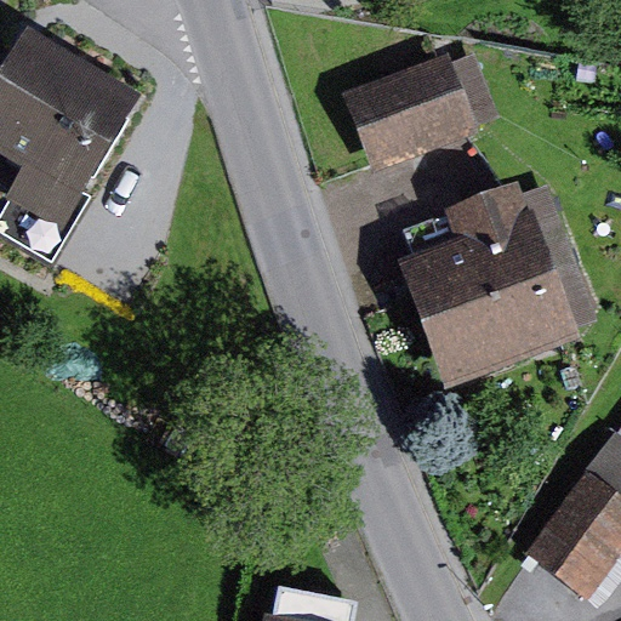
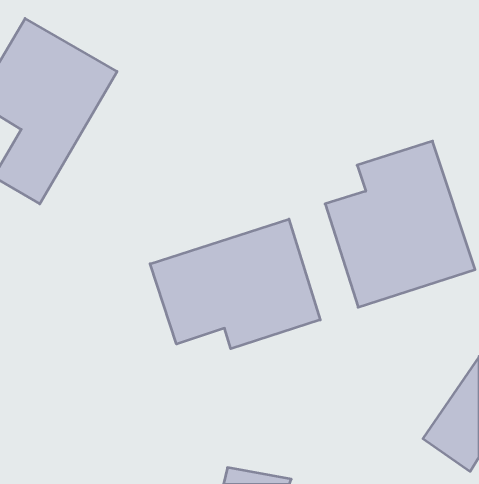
building: [343,49,482,171] -> none
building: none -> [150,219,320,349]

